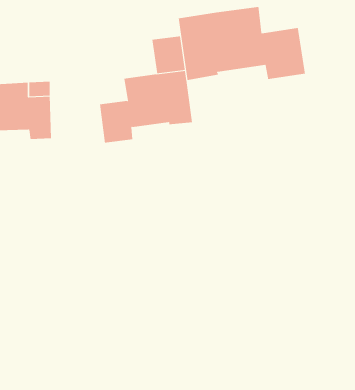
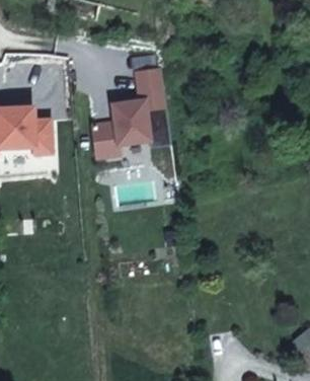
building: [178,6,306,81] -> none

